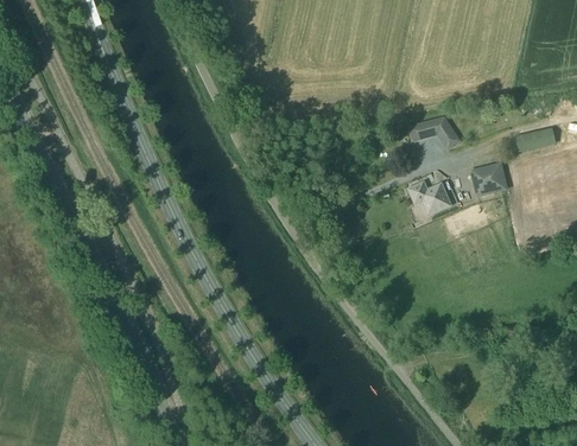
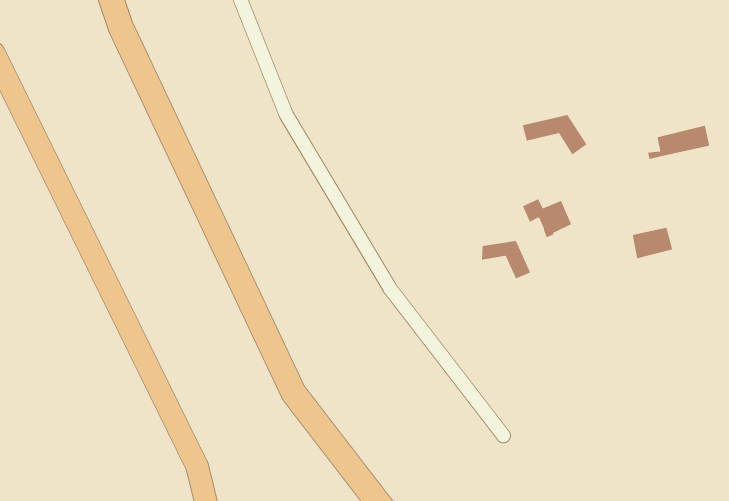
building: [474,166,506,191] -> [632,227,673,259]
building: none -> [481,240,531,279]

